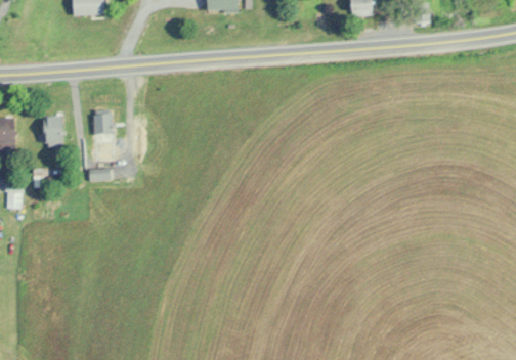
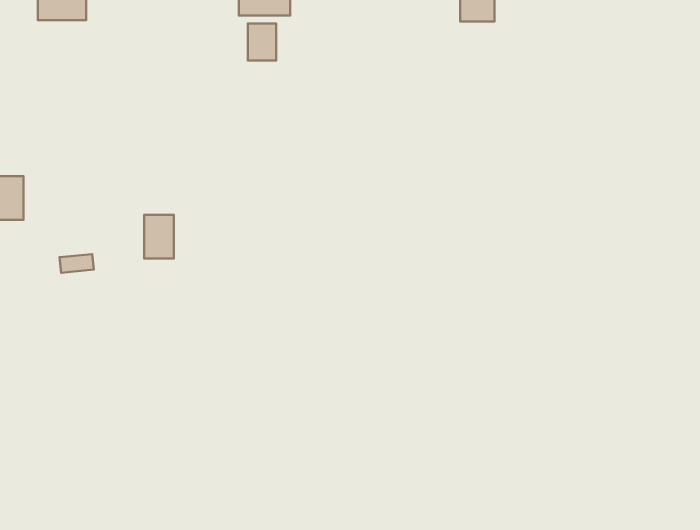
building: none -> [248,23,276,60]
building: [93,114,113,142] -> [144,215,174,258]

